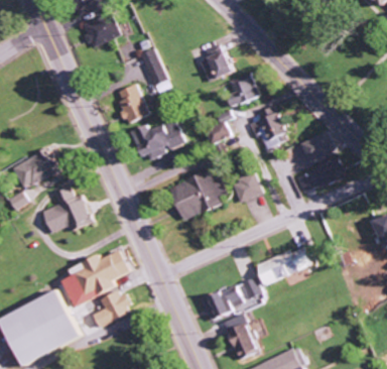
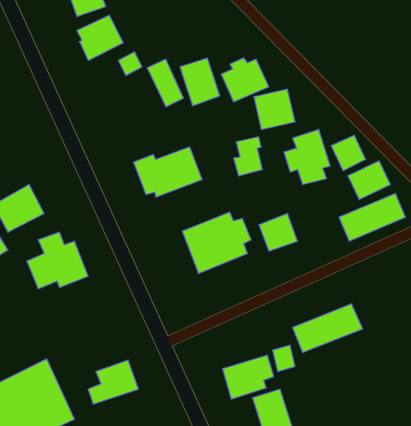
building: [114,85,146,123] -> [180,58,220,106]
building: none -> [331,135,366,171]
building: [60,249,130,305] -> none

